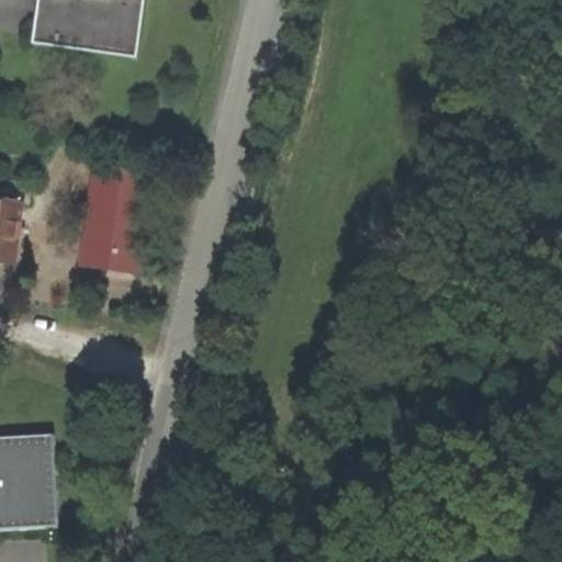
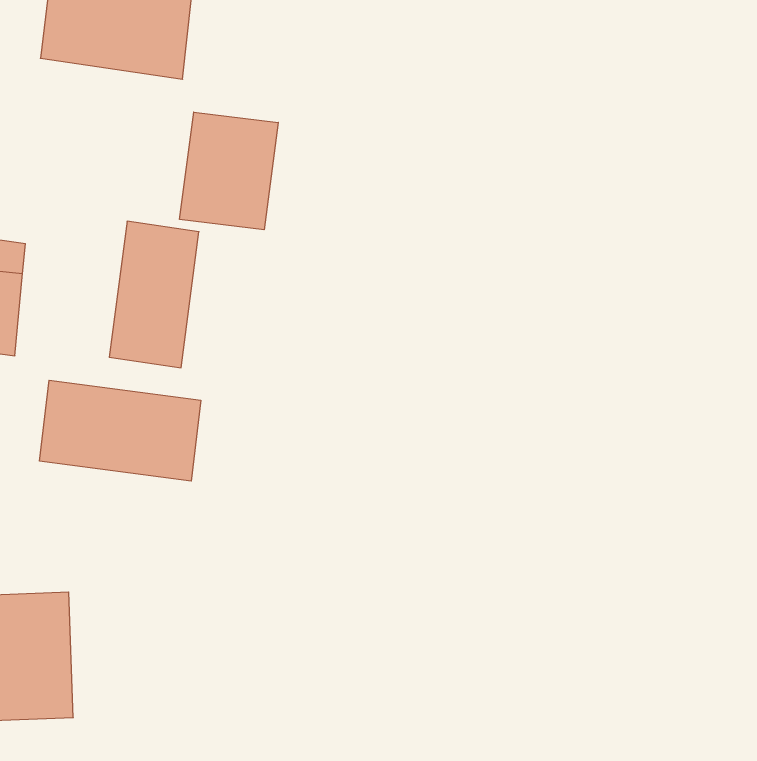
building: none -> [180,112,278,230]
building: none -> [40,380,201,481]

